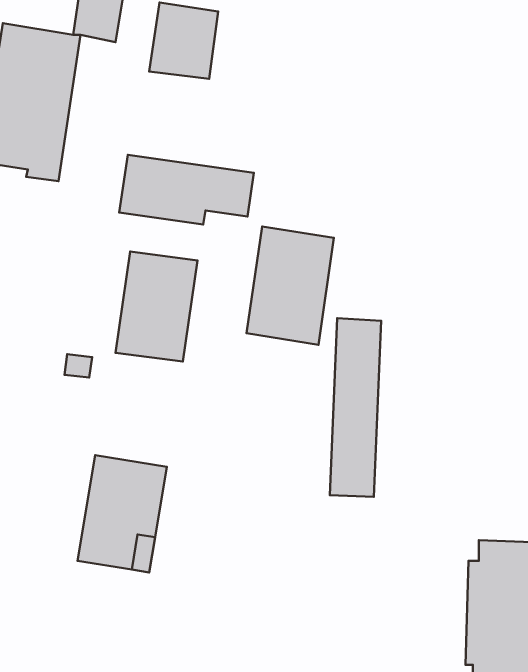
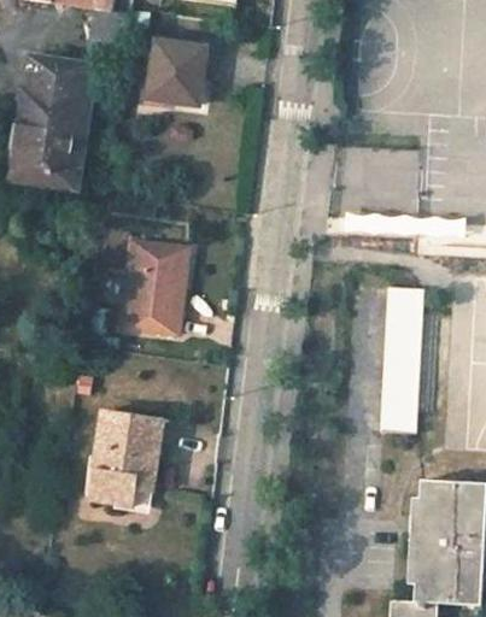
building: [119,155,254,225] -> none
building: [247,226,334,345] -> none
building: [330,318,381,497] -> [379,287,421,434]

